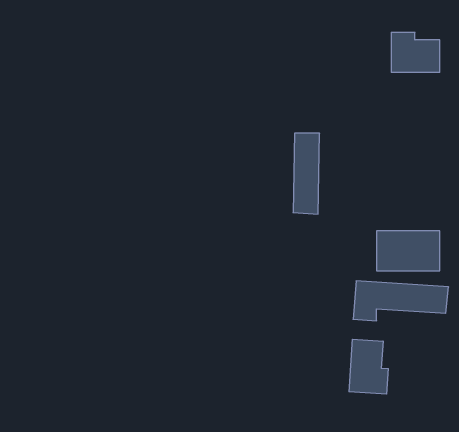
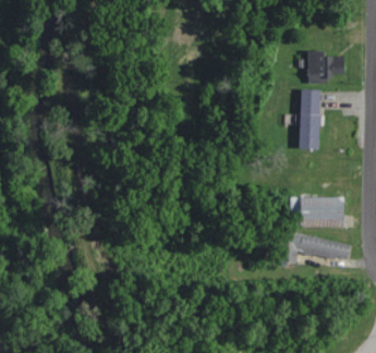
building: [293,133,320,214] -> [301,90,320,150]
building: [349,339,388,394] -> none

